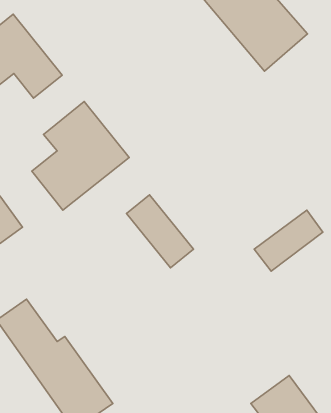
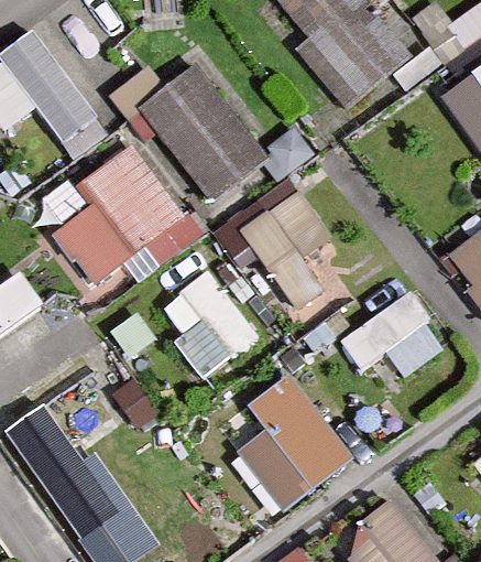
building: none -> [142,69,269,203]
building: none -> [232,194,348,313]
building: none -> [219,382,343,508]

